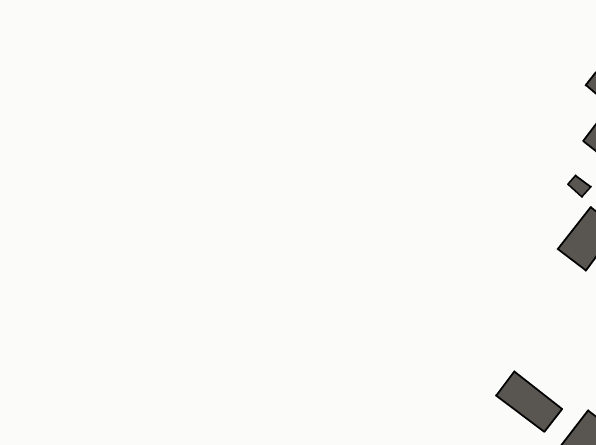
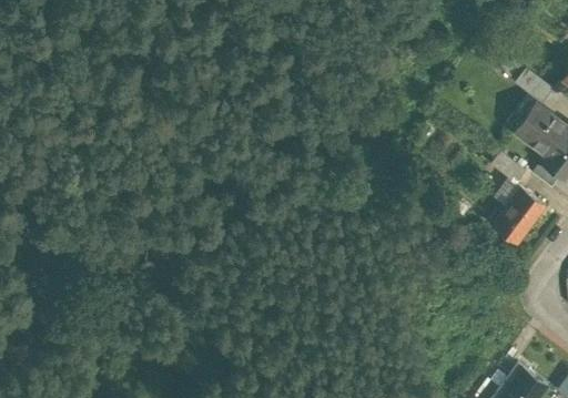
building: [496,371,562,432] -> none

